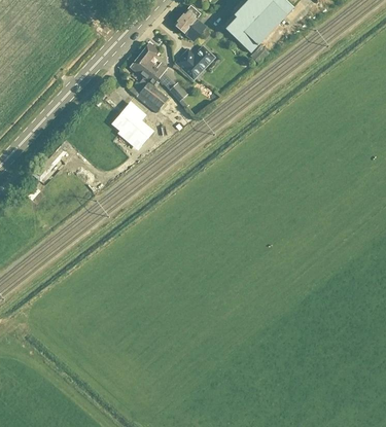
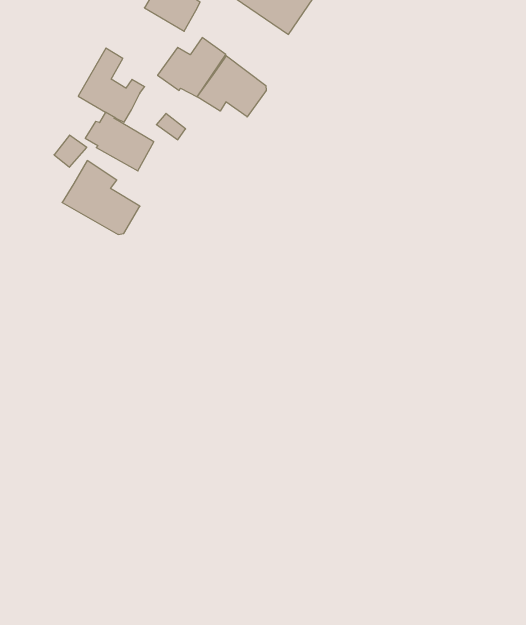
building: none -> [197,56,266,117]

